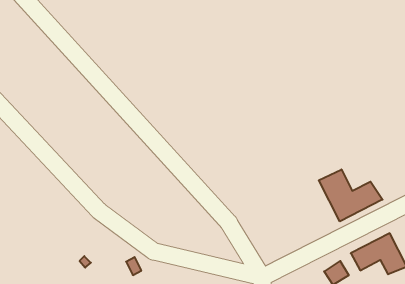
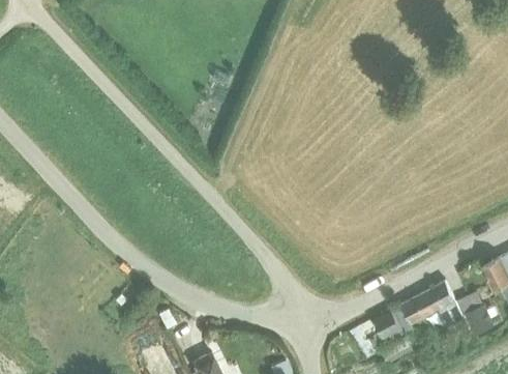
building: [319,169,383,221] -> none

